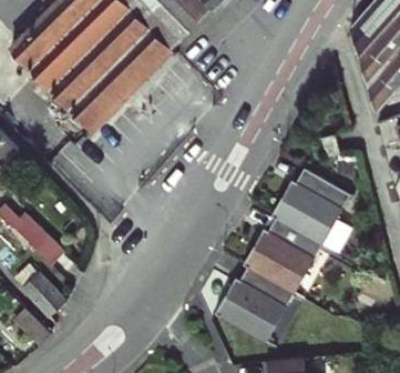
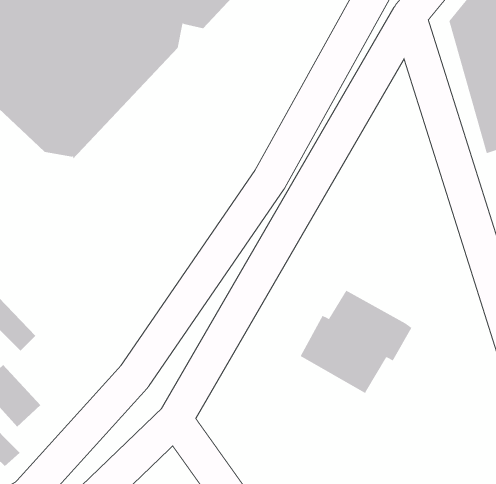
building: [276,171,355,244] -> none
building: [220,270,299,343] -> none

